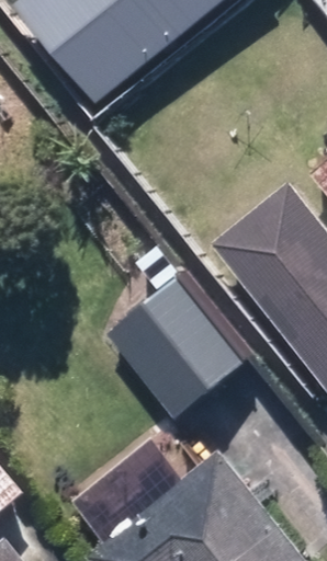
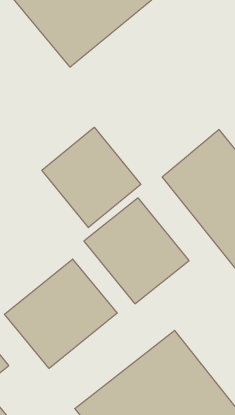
building: none -> [42,127,141,228]
building: none -> [4,259,117,368]

